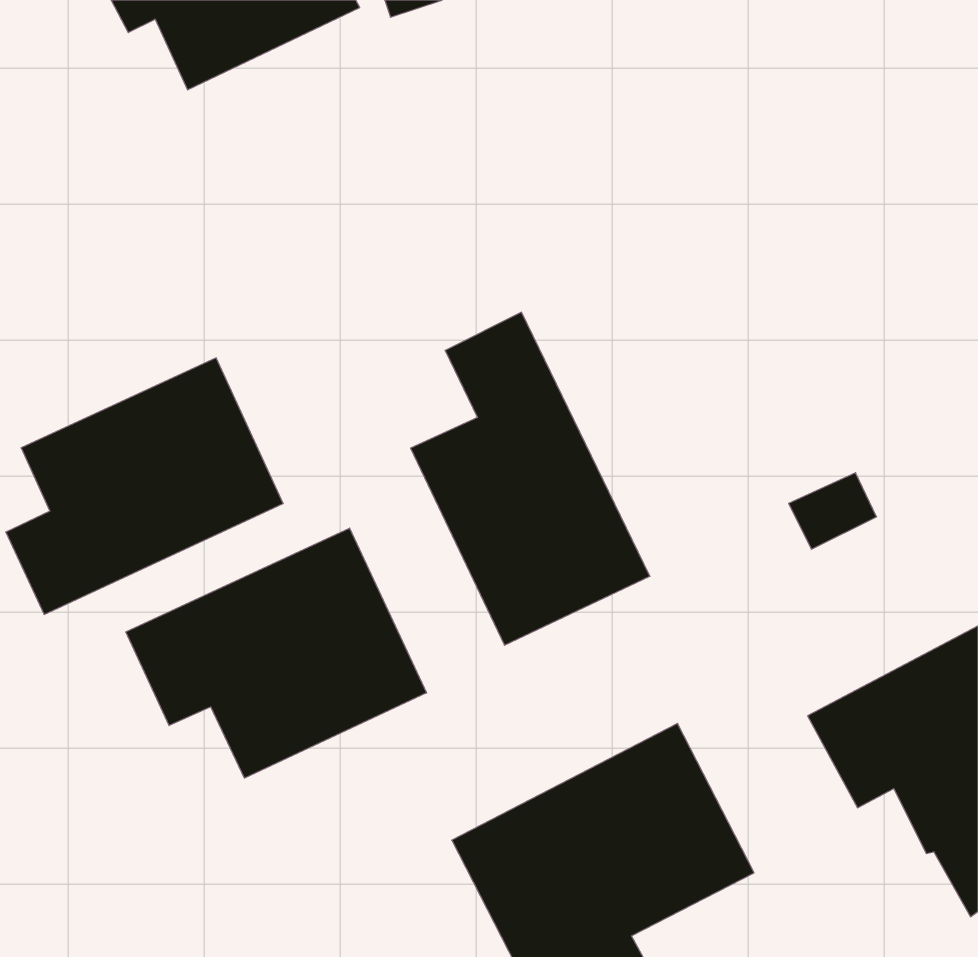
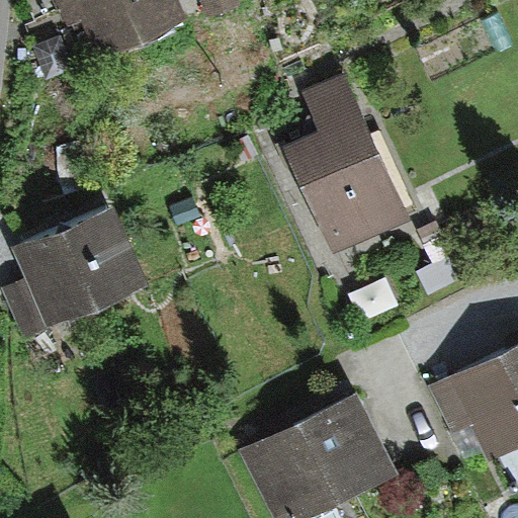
building: [411,312,650,645] -> [283,76,410,252]
building: [126,528,427,778] -> none

